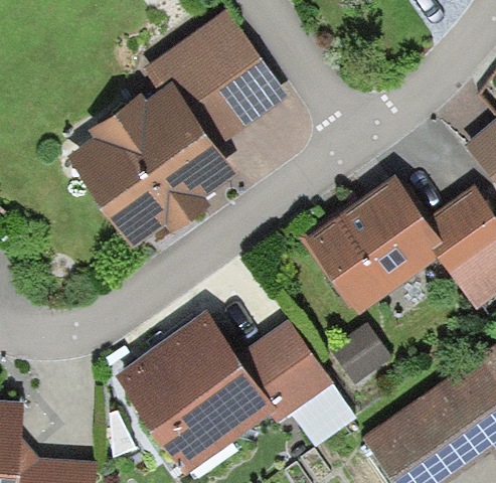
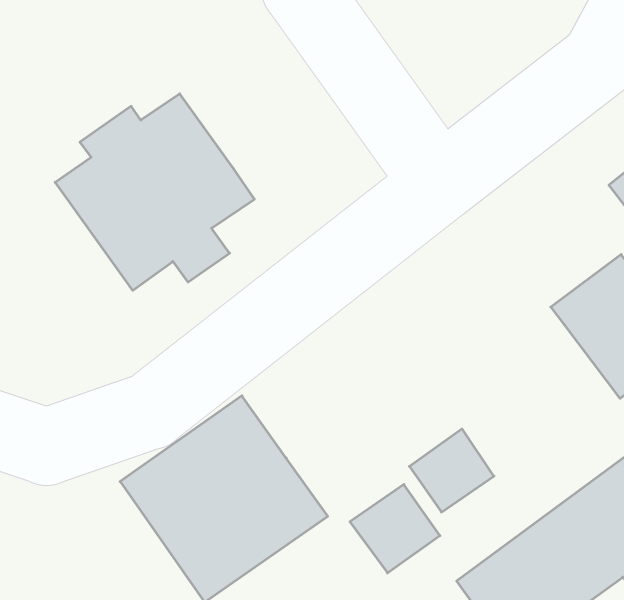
building: [152,27,266,143] -> none
building: [321,199,443,314] -> none
building: [240,320,326,407] -> none

